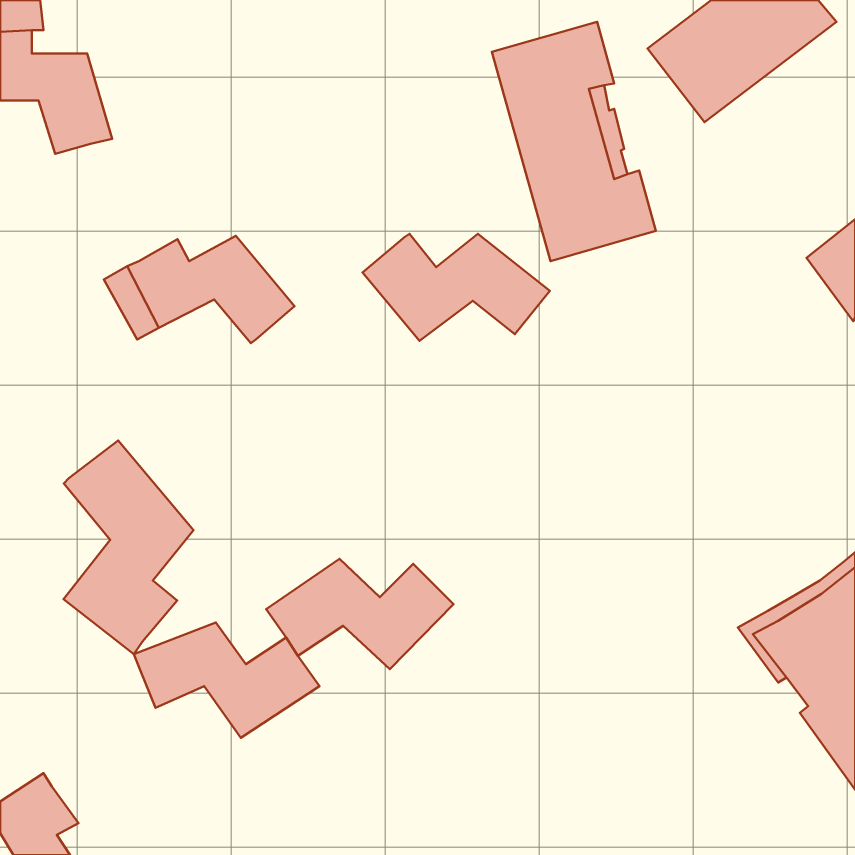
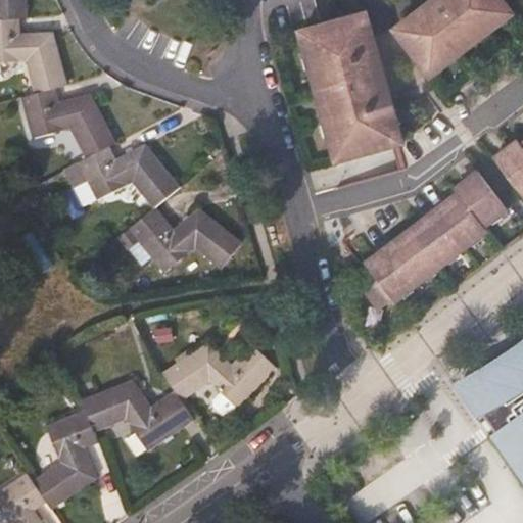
building: none -> [20,88,115,159]
building: [363,234,550,341] -> [128,207,242,273]
building: none -> [365,170,505,307]
building: [64,440,193,654] -> none
building: none -> [32,410,99,509]

